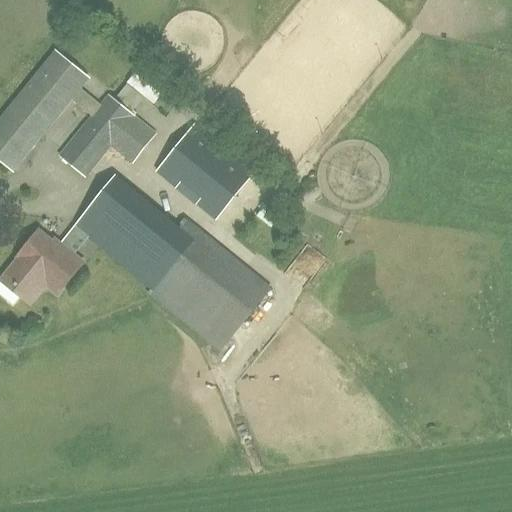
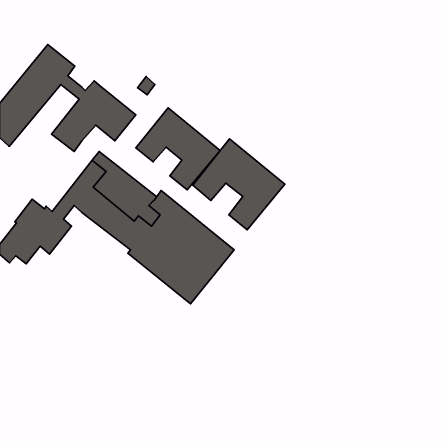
building: none -> [193,139,285,230]
building: [176,169,209,202] -> none

